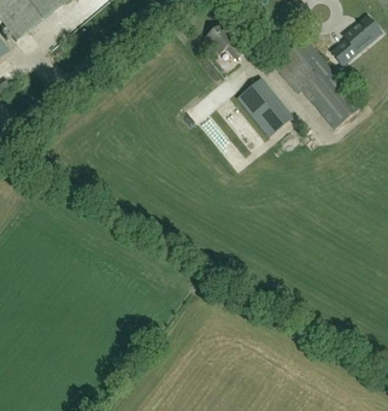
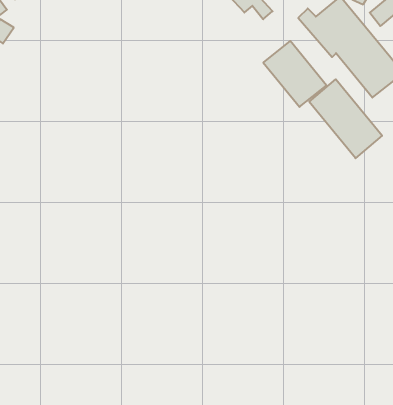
building: none -> [309,79,382,158]

